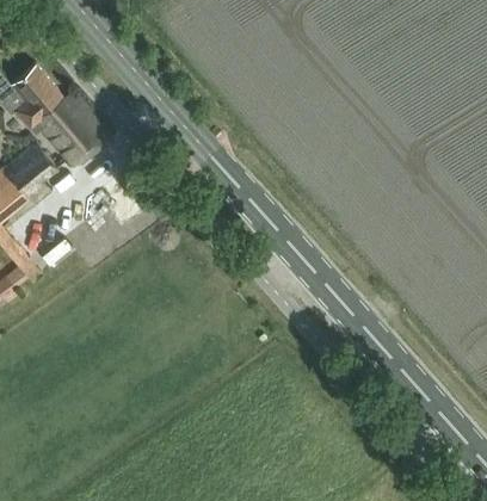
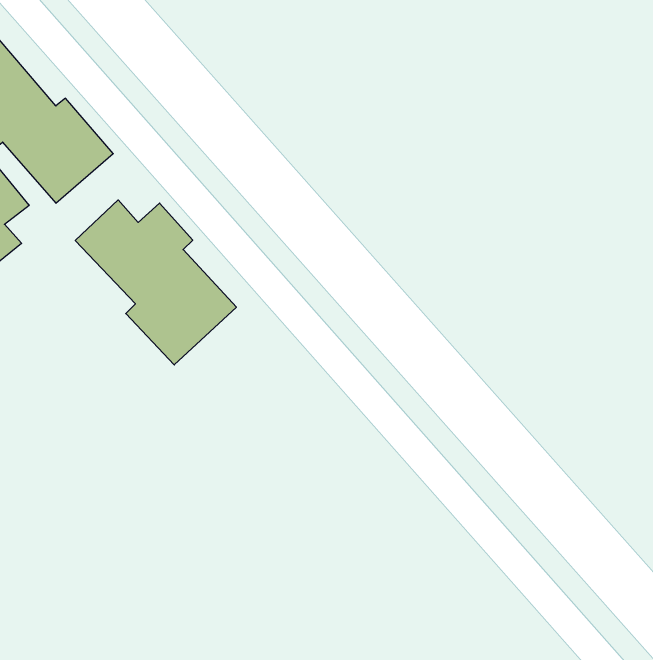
building: none -> [75,200,236,365]

